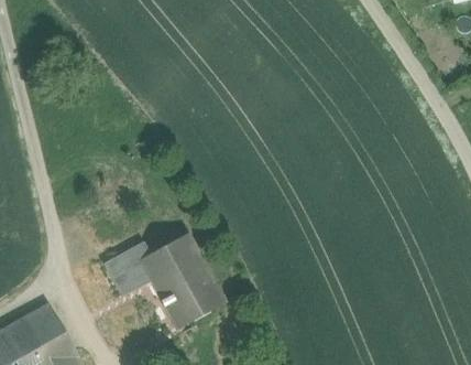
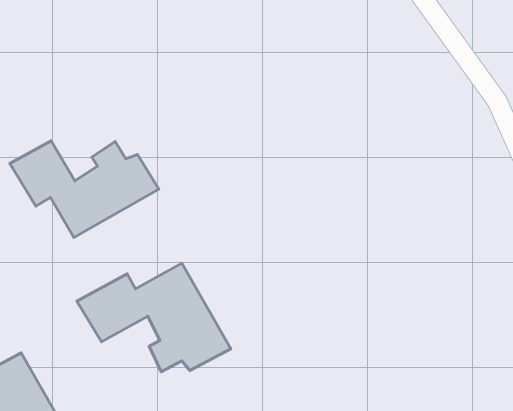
building: none -> [10,141,159,238]

